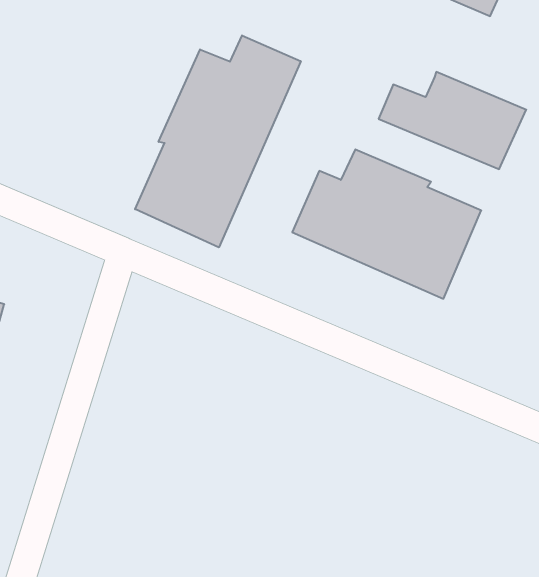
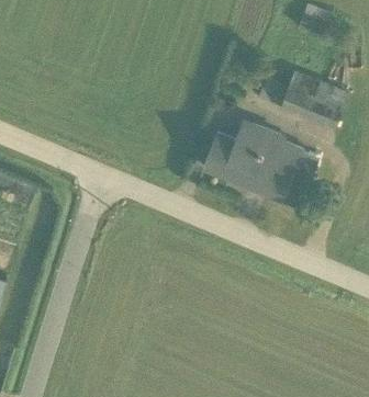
building: [135,35,301,247] -> none

